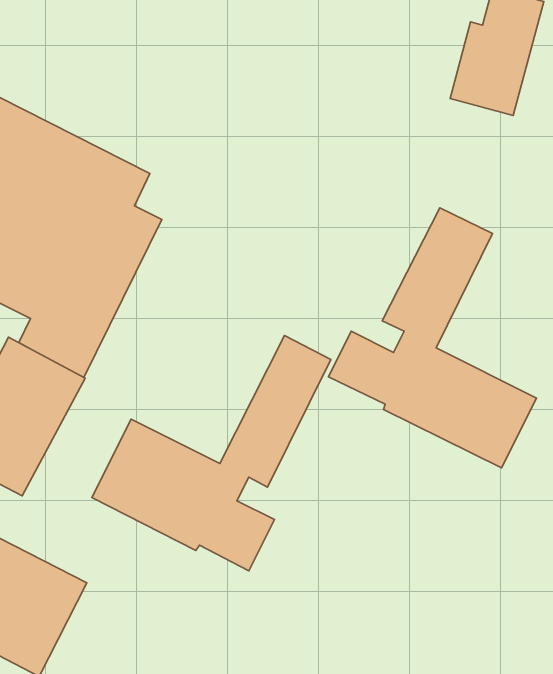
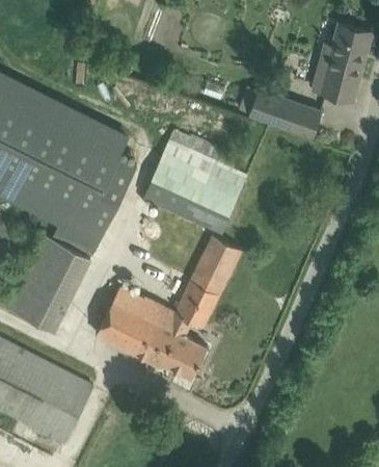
building: none -> [248,90,320,137]
building: none -> [141,133,249,238]
building: [328,208,537,468] -> none

